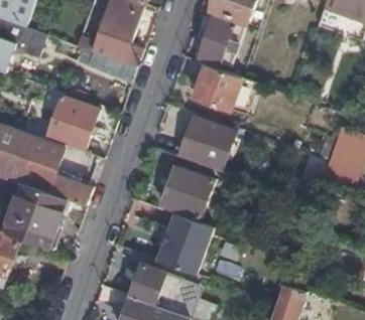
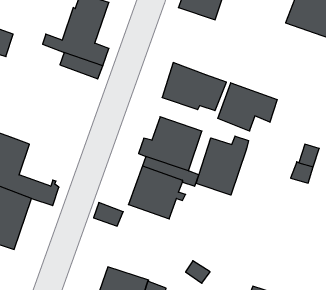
building: [199,15,234,62] -> none
building: none -> [218,83,277,131]
building: [45,96,98,150] -> none
building: none -> [196,136,249,195]
building: [157,213,217,275] -> none

